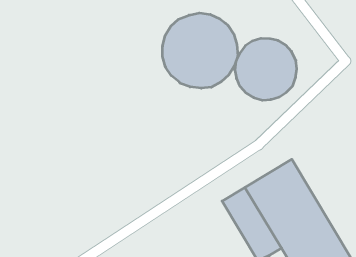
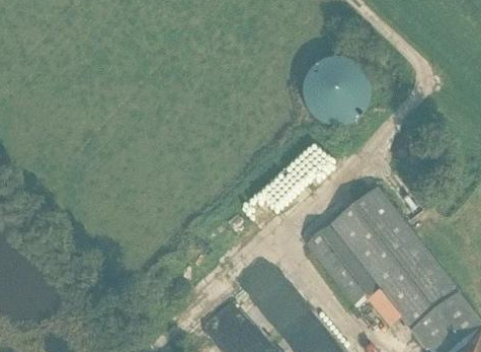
building: [162,13,238,88] -> none

